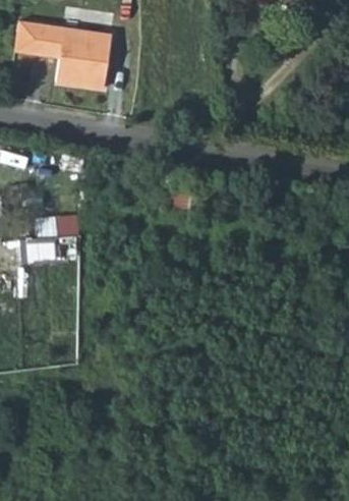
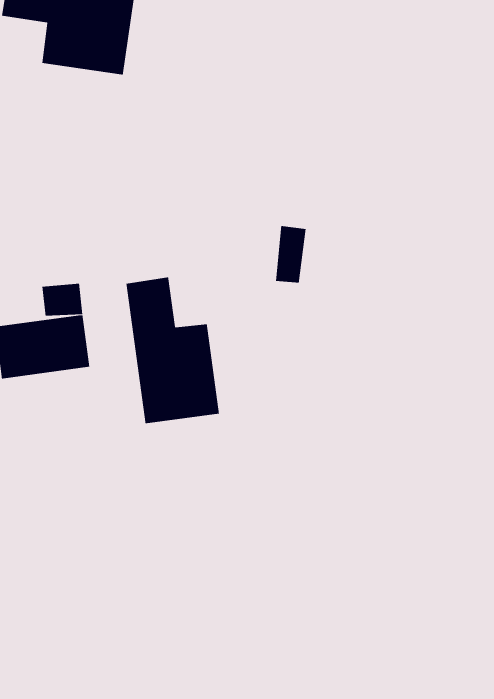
building: none -> [126,277,220,424]

